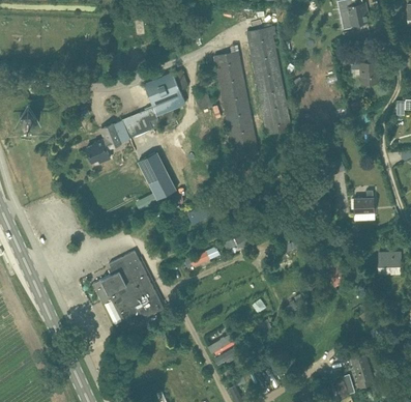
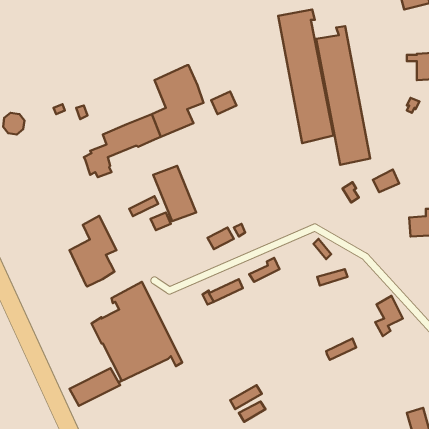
building: [213,45,258,159] -> [316,26,370,165]
building: none -> [70,216,116,286]
building: none -> [69,368,120,406]

